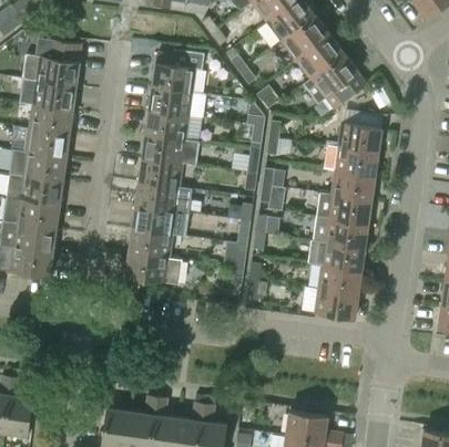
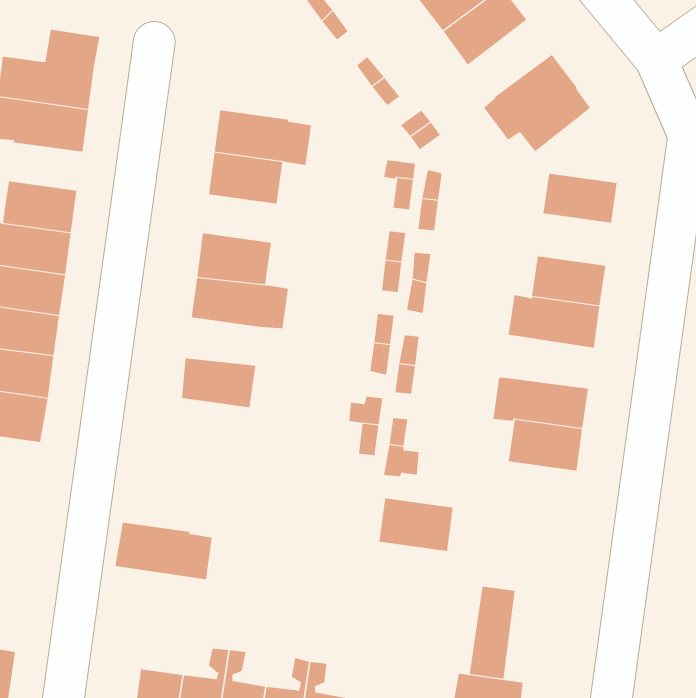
building: [295,34,344,80] -> none
building: [152,53,195,92] -> none
building: [30,105,73,133] -> none
building: [142,135,198,166] -> none
building: [325,146,378,176] -> none
building: [132,206,188,236] -> none
building: [315,216,368,247] -> none
building: [125,252,182,285] -> [114,522,213,580]
building: [315,289,358,320] -> [379,498,454,552]
building: none -> [469,586,515,679]

